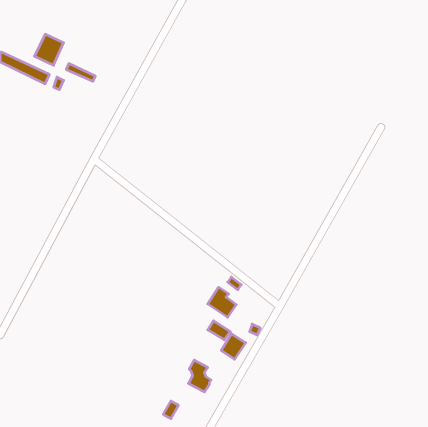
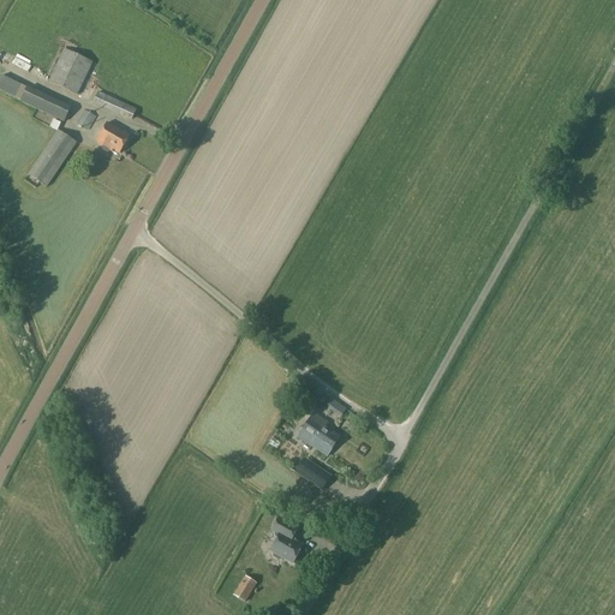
building: none -> [96,121,130,153]
building: none -> [28,130,77,187]
building: [221,334,246,359] -> none

